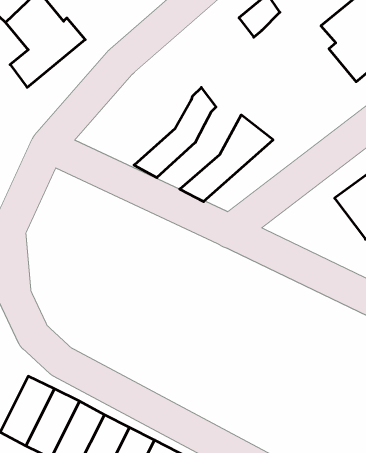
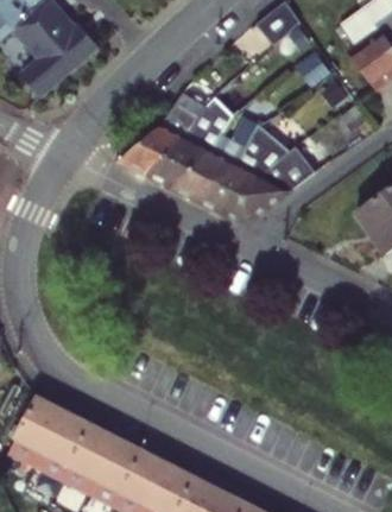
building: none -> [120,91,208,176]
building: none -> [171,116,259,201]
building: none -> [220,150,322,225]

